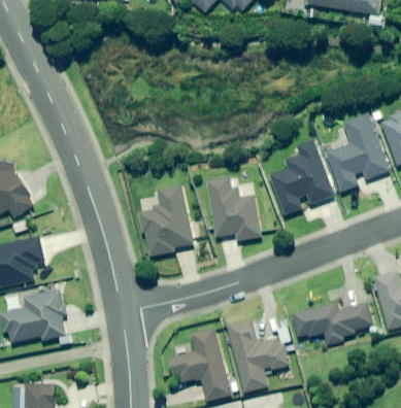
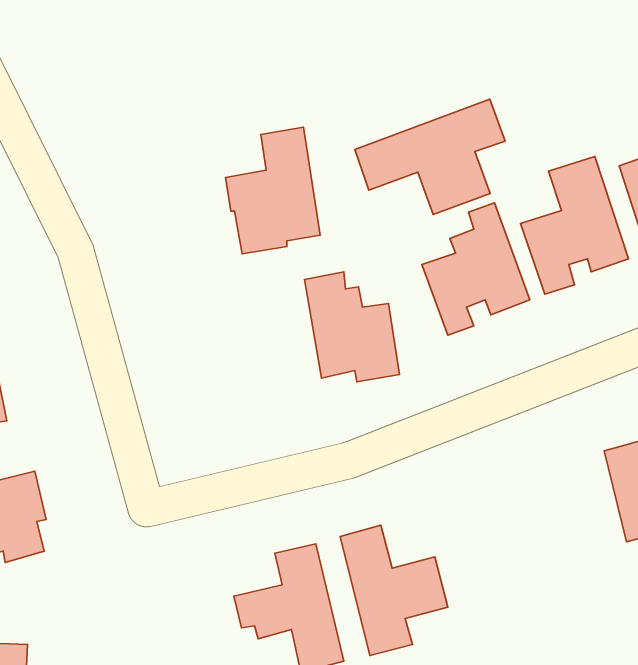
building: none -> [355,99,505,214]
building: [138,184,191,254] -> [225,127,320,254]
building: [290,301,371,344] -> none

